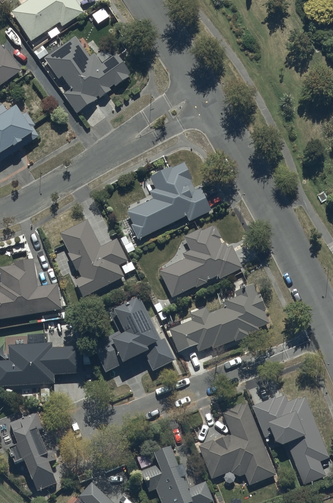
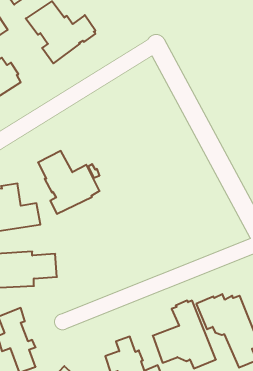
building: [128,163,211,238] -> none
building: [160,225,241,296] -> none
building: [170,283,268,351] -> none
building: [90,295,174,371] -> none

